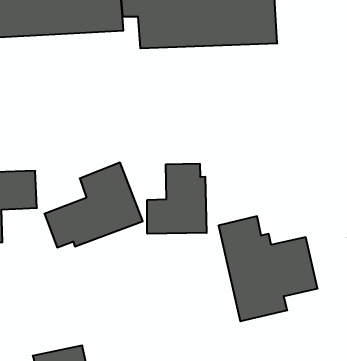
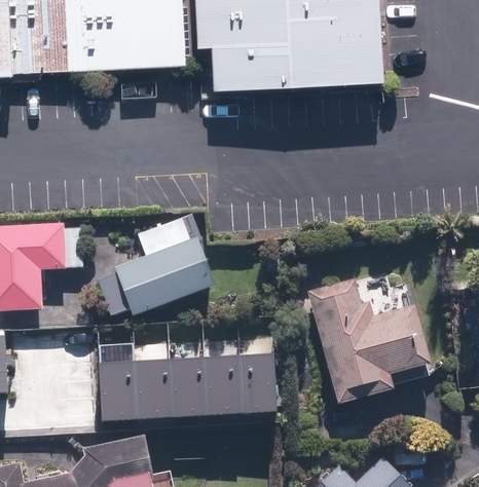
building: [147,164,207,234] -> none
building: none -> [93,348,272,409]

